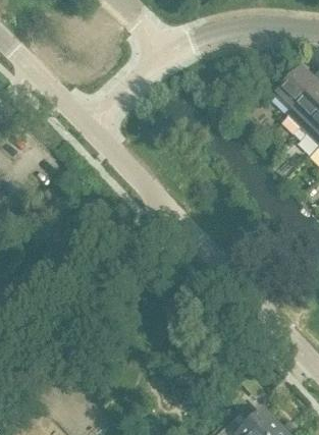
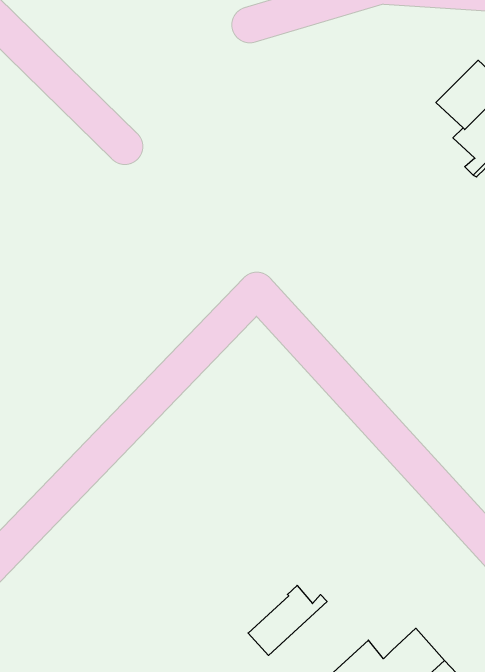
building: none -> [248,585,327,655]

